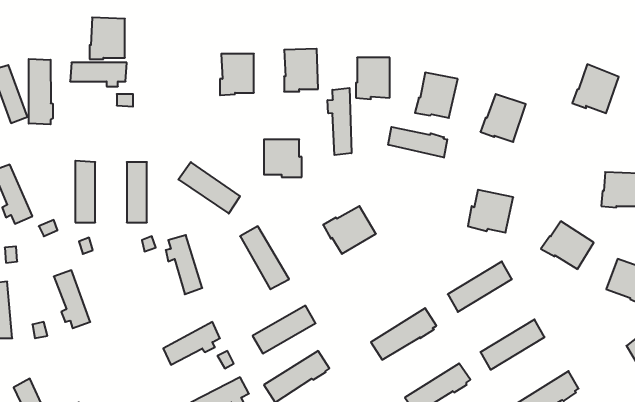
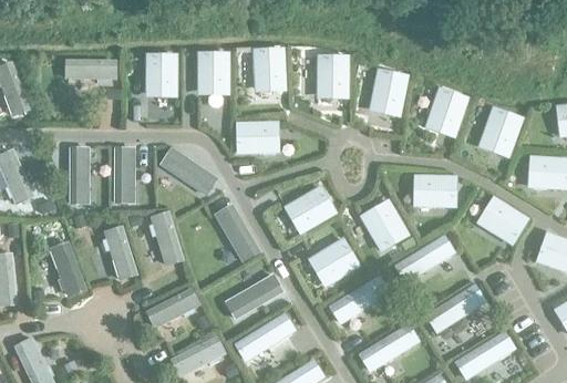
building: [90,17,125,59] -> [144,54,175,91]
building: [29,59,53,124] -> none
building: [572,64,619,113] -> [480,107,520,151]
building: [328,88,351,155] -> none
building: [388,127,447,158] -> none
building: none -> [362,205,406,249]
building: none -> [103,227,135,278]
building: none -> [311,239,358,282]

